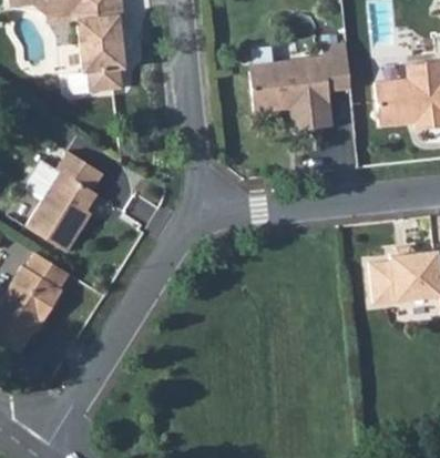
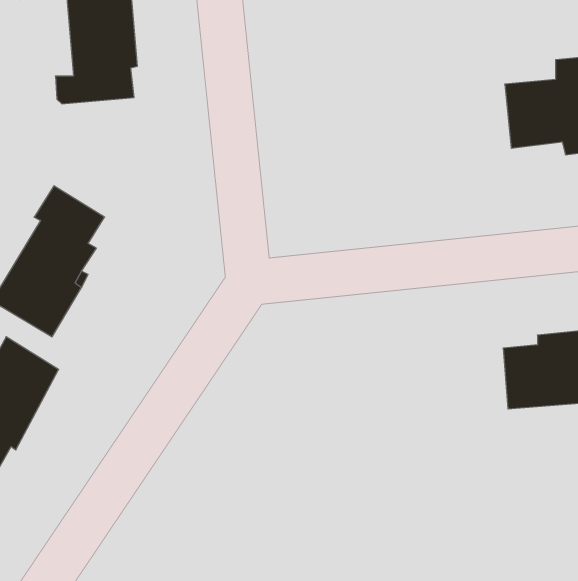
building: [249,45,352,129] -> none

